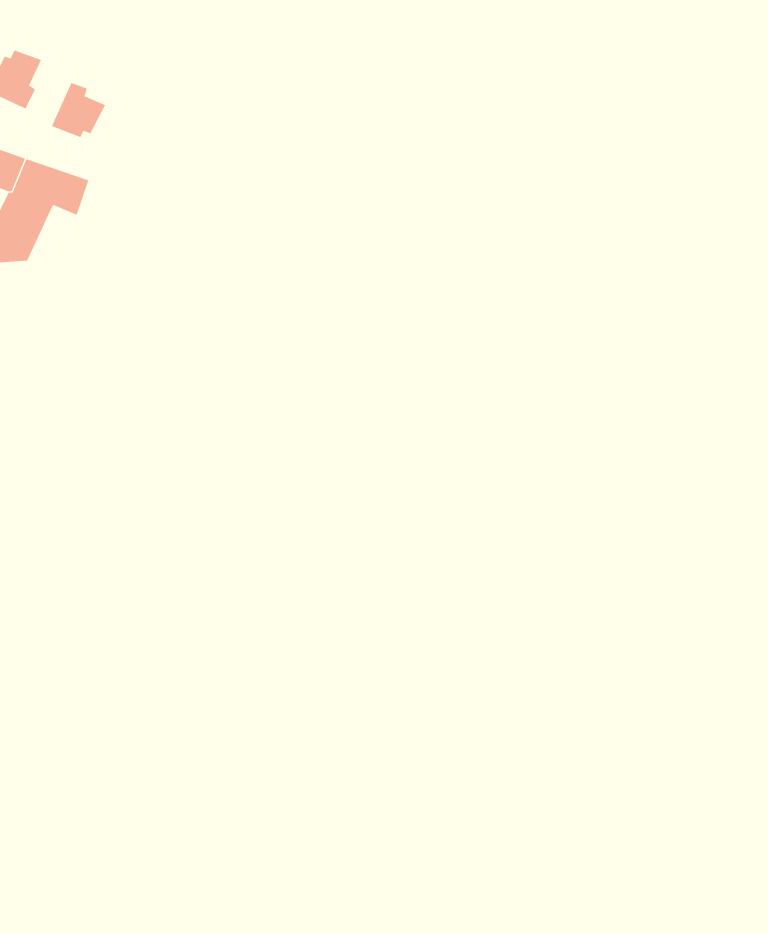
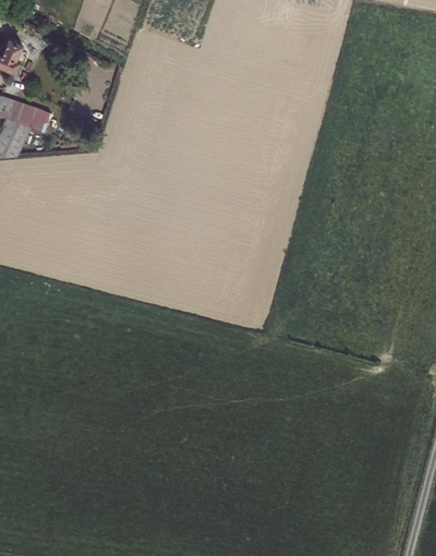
building: [51,82,106,138] -> none

